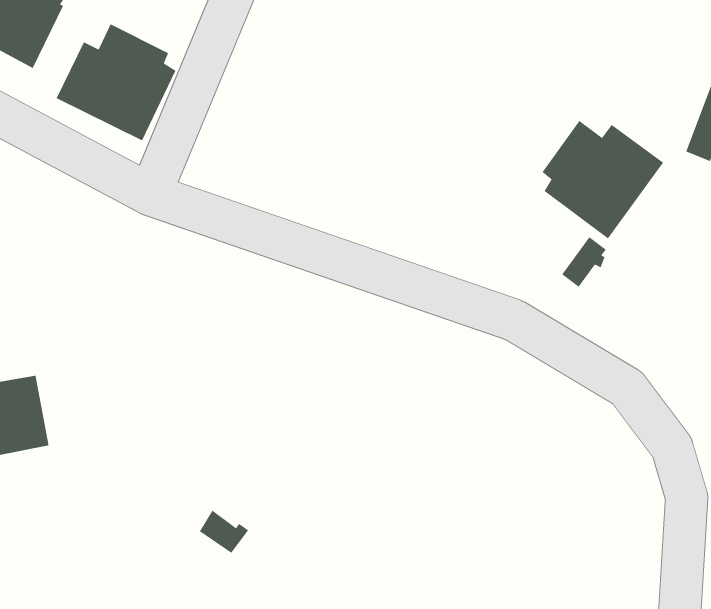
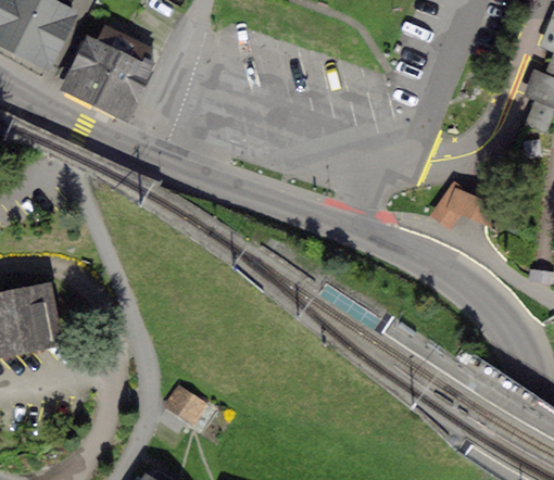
building: [541,120,664,239] -> none

